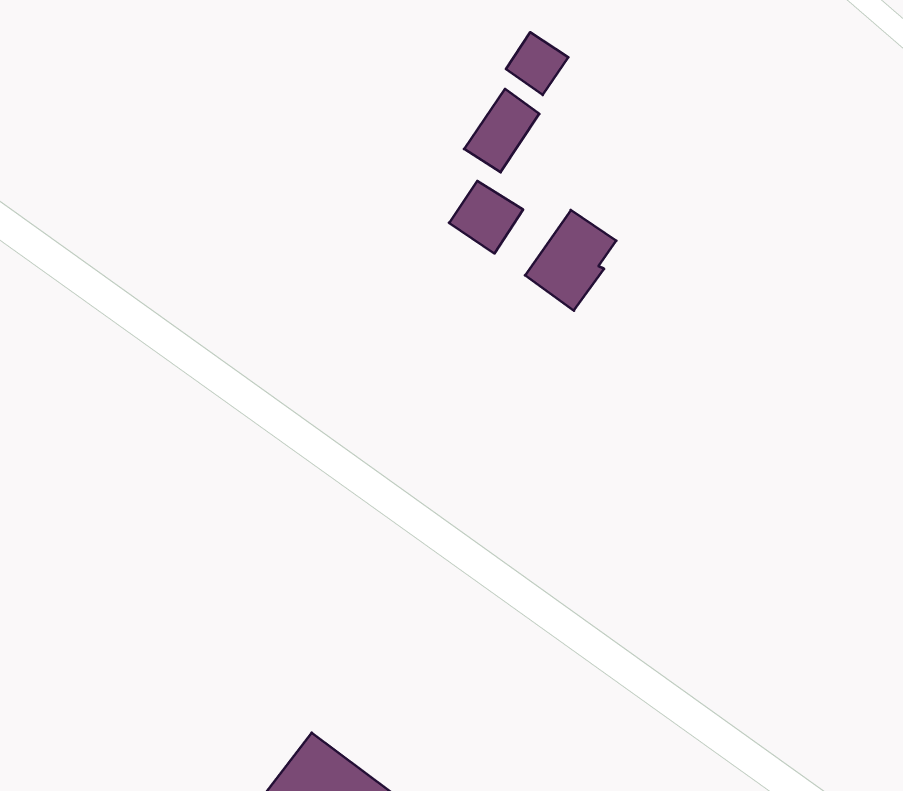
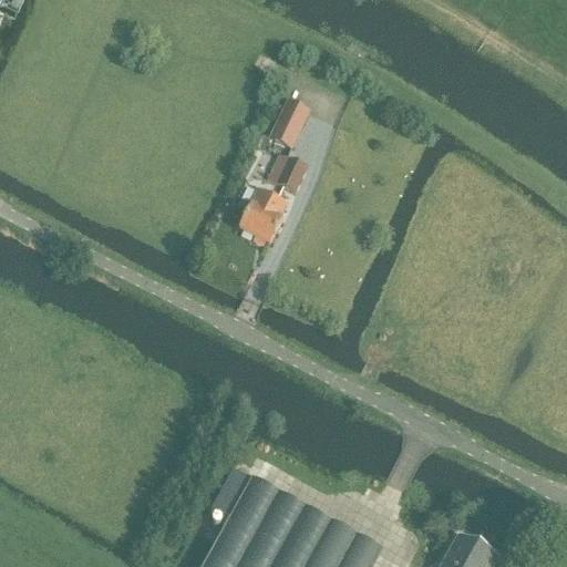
building: [506,32,568,95] -> none
building: [525,210,616,311] -> [239,187,287,243]

